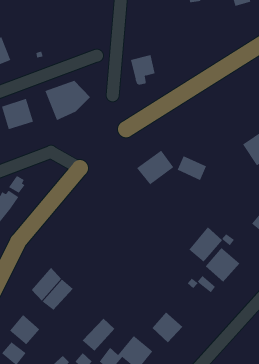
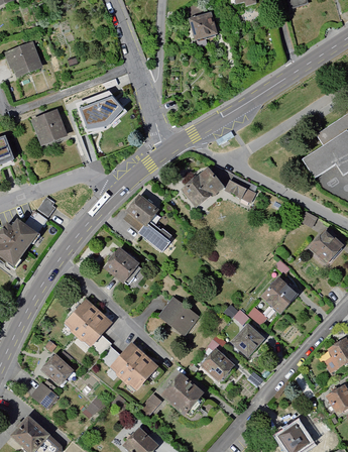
building: [130,54,156,85] -> [189,12,217,46]
building: none -> [124,193,172,251]
building: none -> [100,246,137,282]
building: [189,227,223,263] -> none
building: none -> [157,296,199,335]
building: none -> [229,323,264,358]
building: none -> [107,341,144,379]

